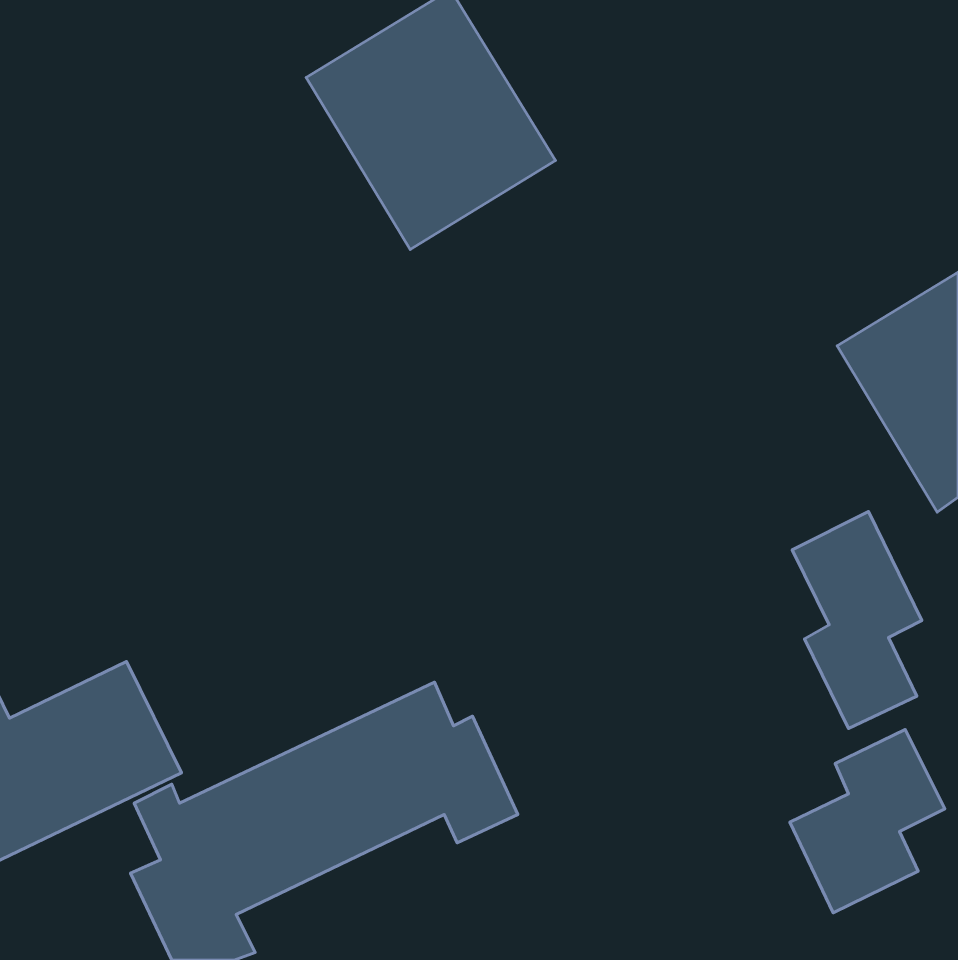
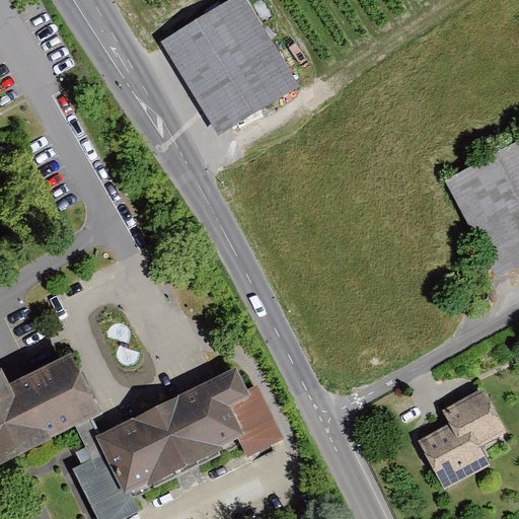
building: [792,511,922,728] -> none

